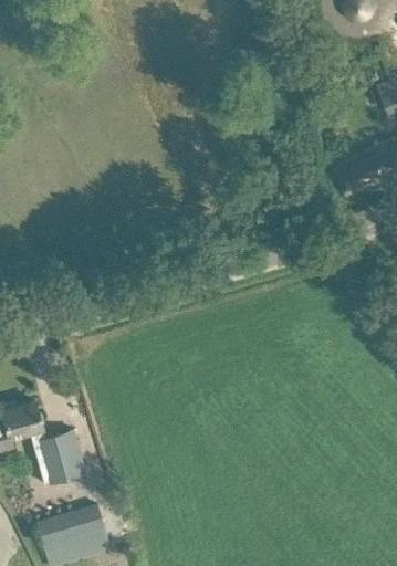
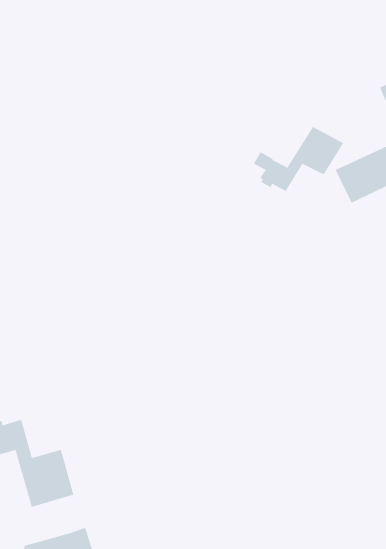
building: none -> [253,126,344,192]

